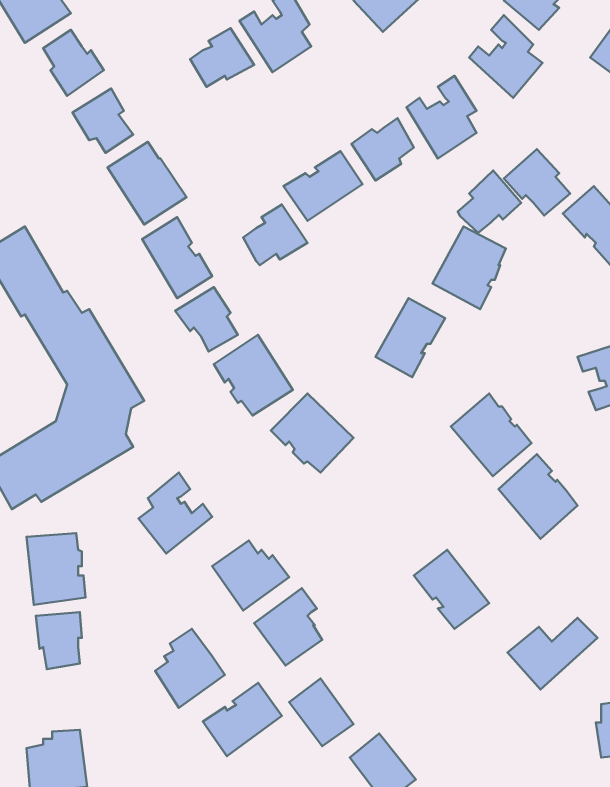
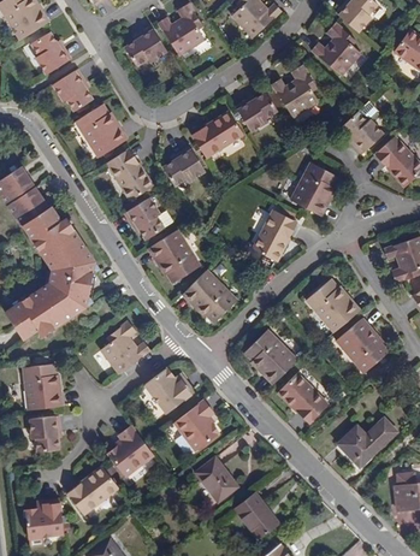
building: [458,171,521,233] -> none
building: none -> [238,332,294,385]
building: [203,683,282,756] -> [65,465,117,513]

